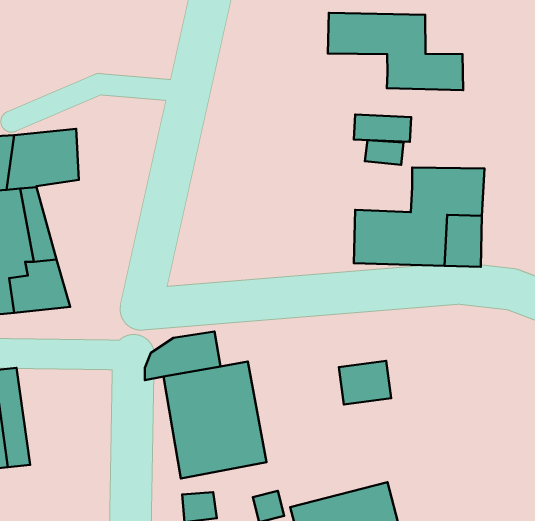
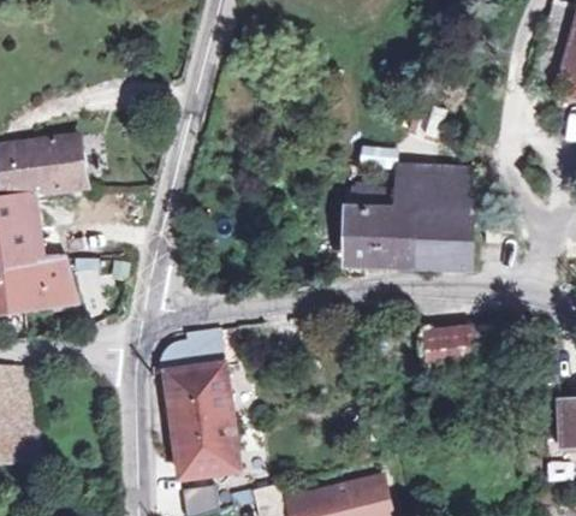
building: [328,13,463,90] -> none
building: [354,115,411,142] -> [349,189,404,215]
building: [339,361,391,404] -> [420,327,470,369]

